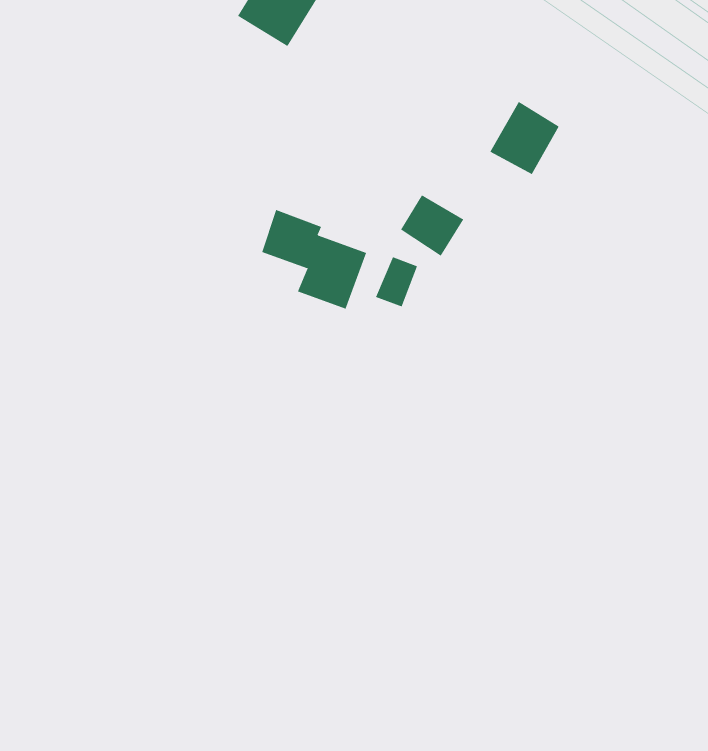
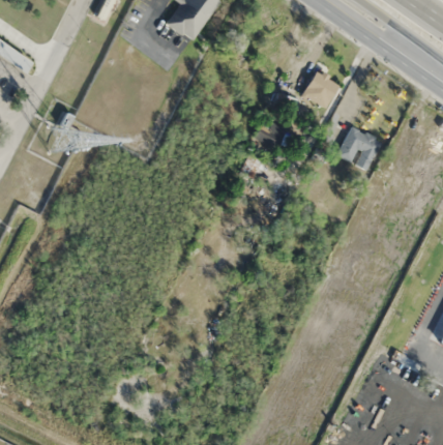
building: none -> [339,125,383,166]
building: [262,209,367,310] -> none

